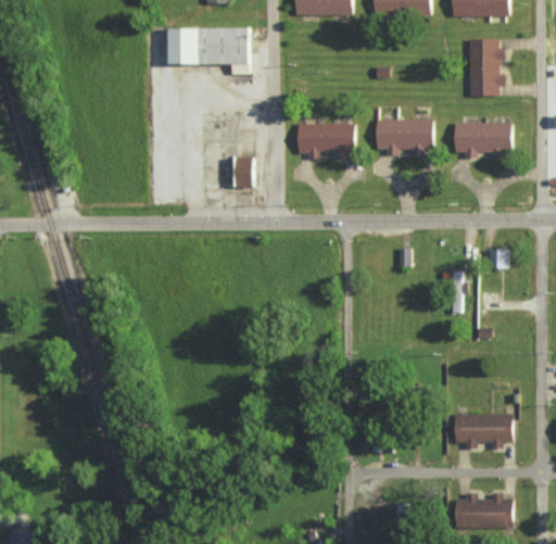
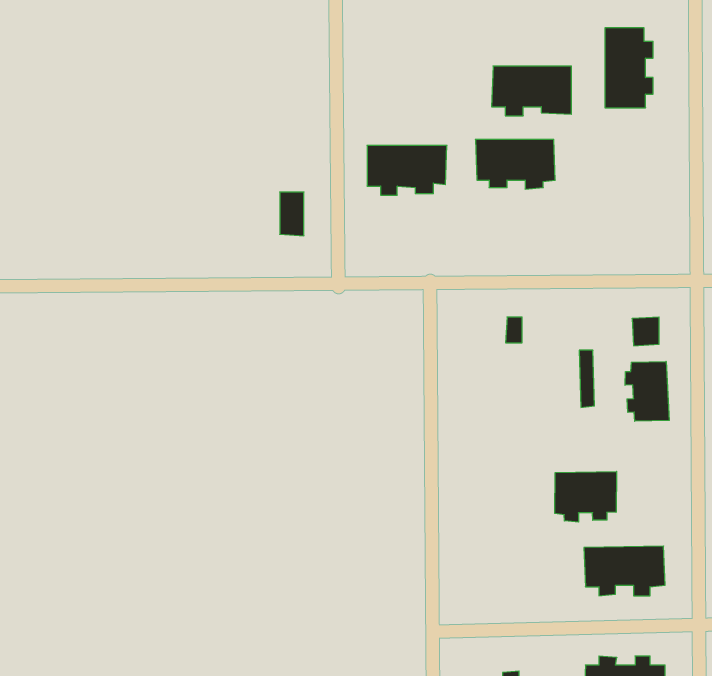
building: [168,27,248,73] -> none
building: [454,122,511,157] -> [492,66,571,116]
building: none -> [625,361,669,421]
building: none -> [555,471,617,522]

